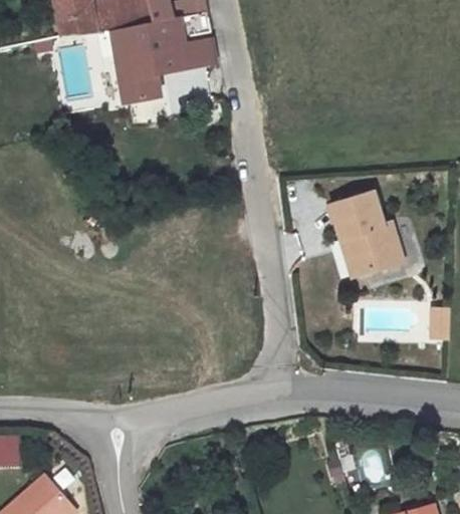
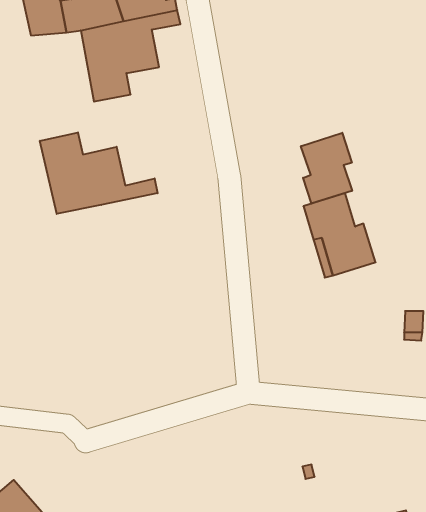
building: [181,25,215,67] -> none
building: none -> [40,132,158,214]
building: none -> [301,133,352,204]

